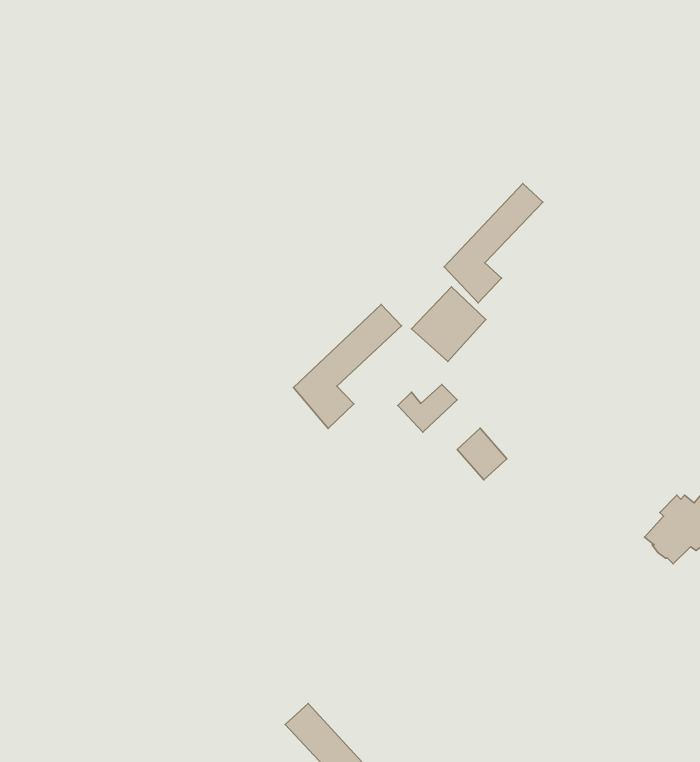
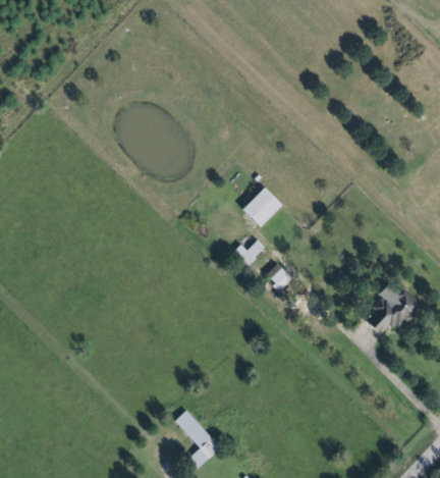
building: [444,183,543,303] -> none
building: [293,304,401,428] -> none

